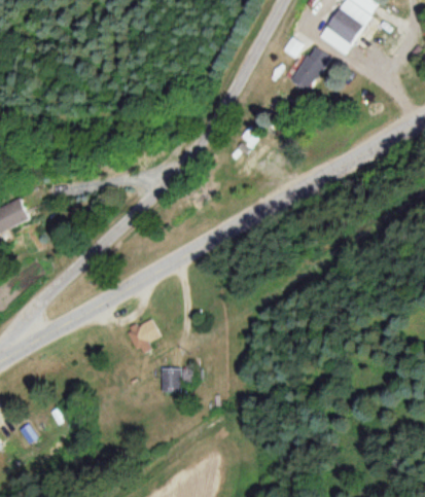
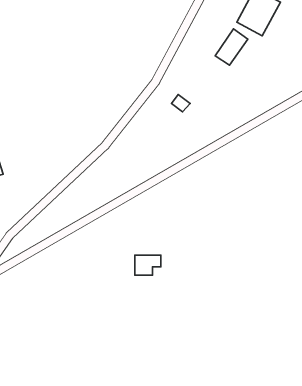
building: [125,317,161,350] -> none
building: [161,367,192,392] -> [135,255,161,275]

